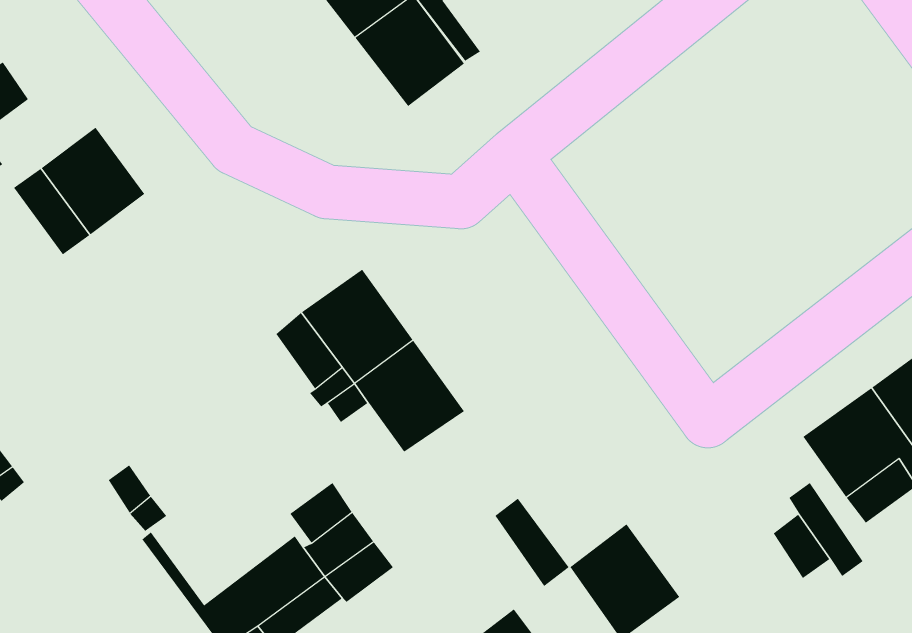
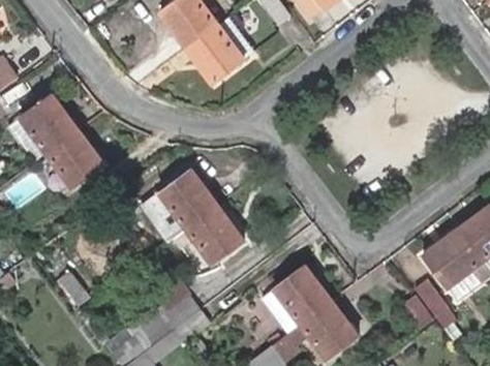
building: none -> [49,128,105,188]
building: none -> [273,265,330,324]

